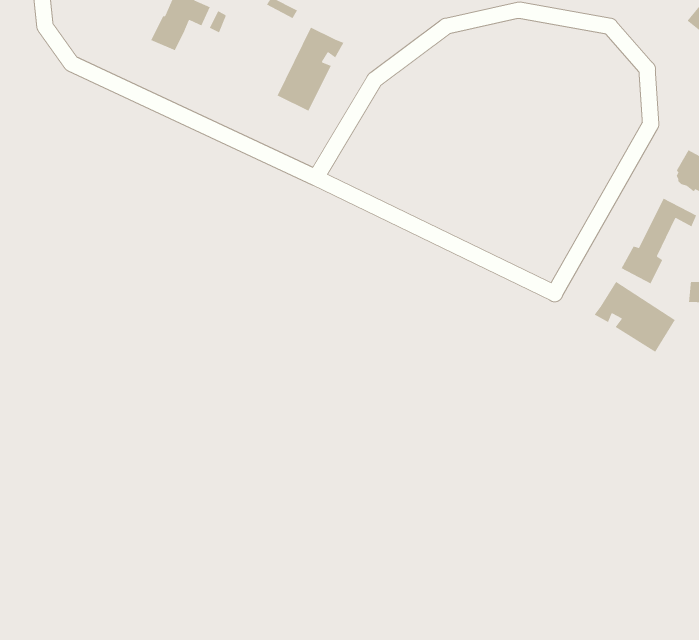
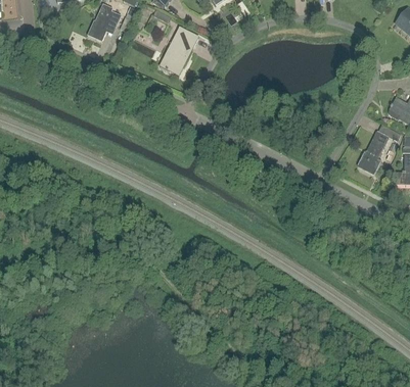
building: [594,281,676,353] -> none

